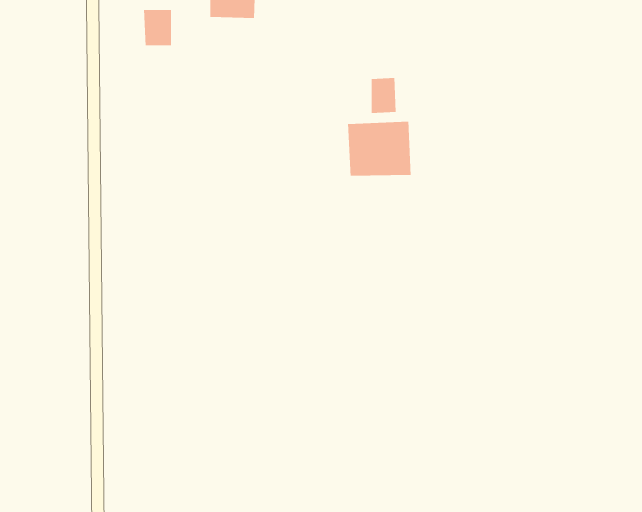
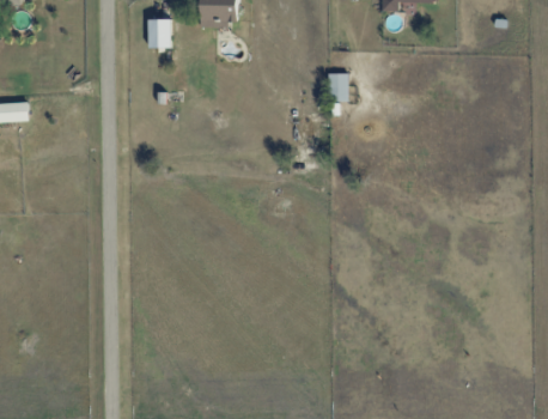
building: [347,121,411,176] -> none

